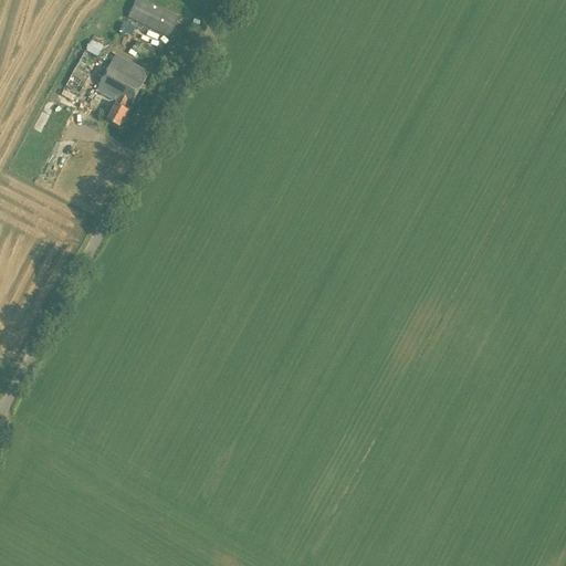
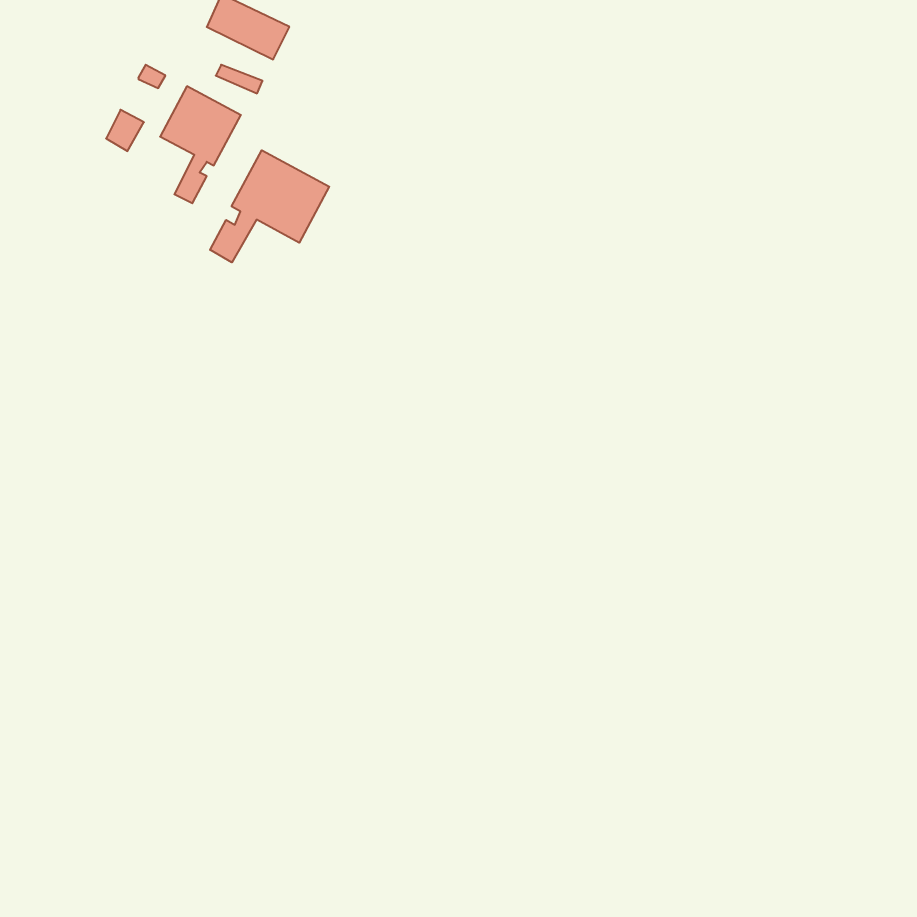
building: none -> [210,150,329,262]

